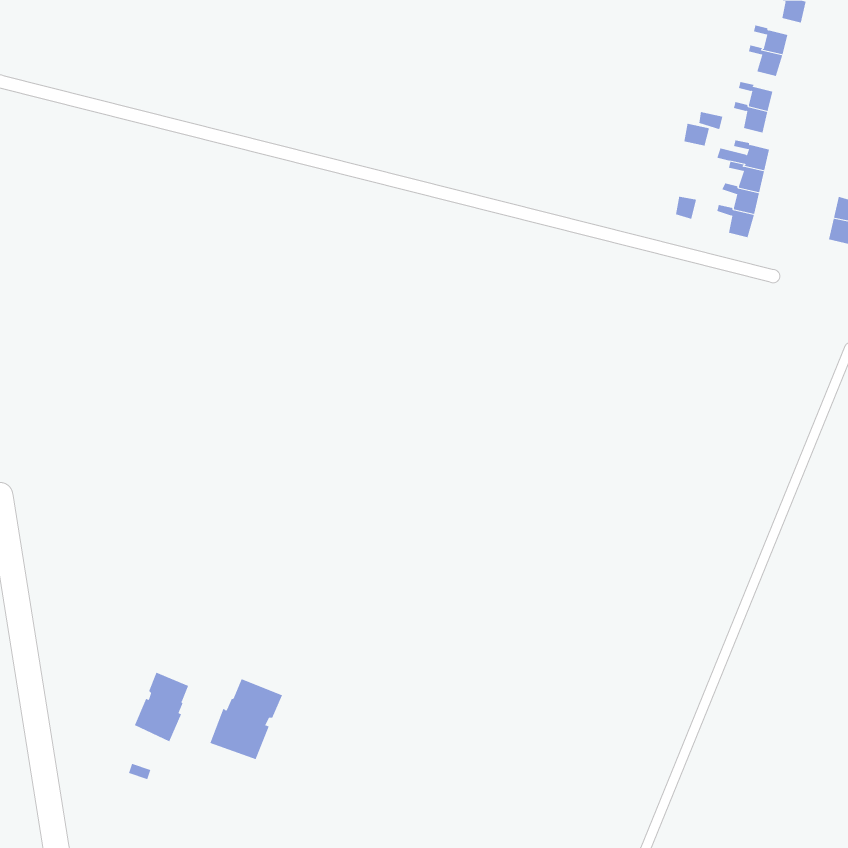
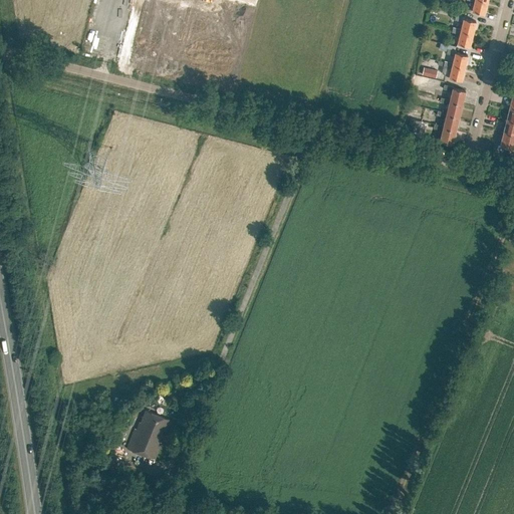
building: [134,672,189,742] -> none

